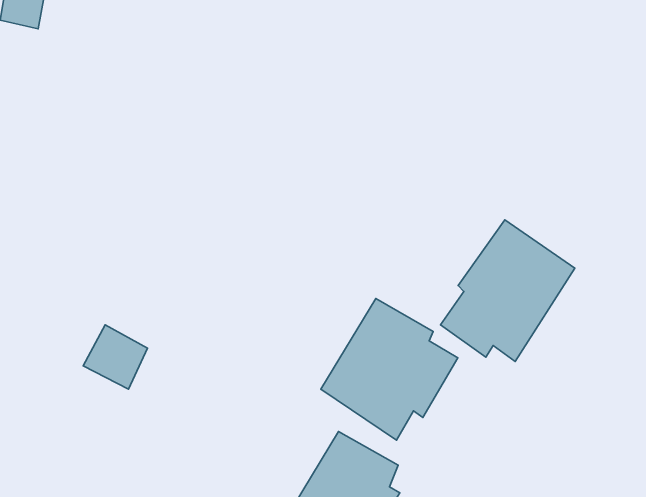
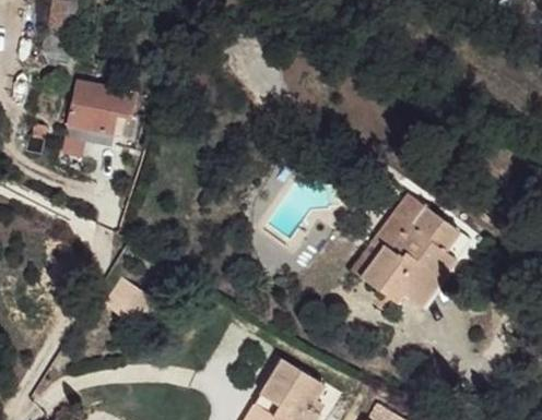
building: none -> [60,80,131,134]
building: [321,299,458,440] -> none

